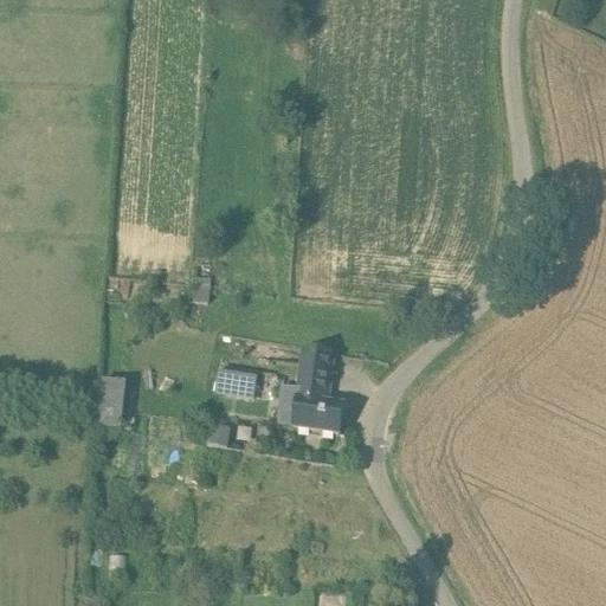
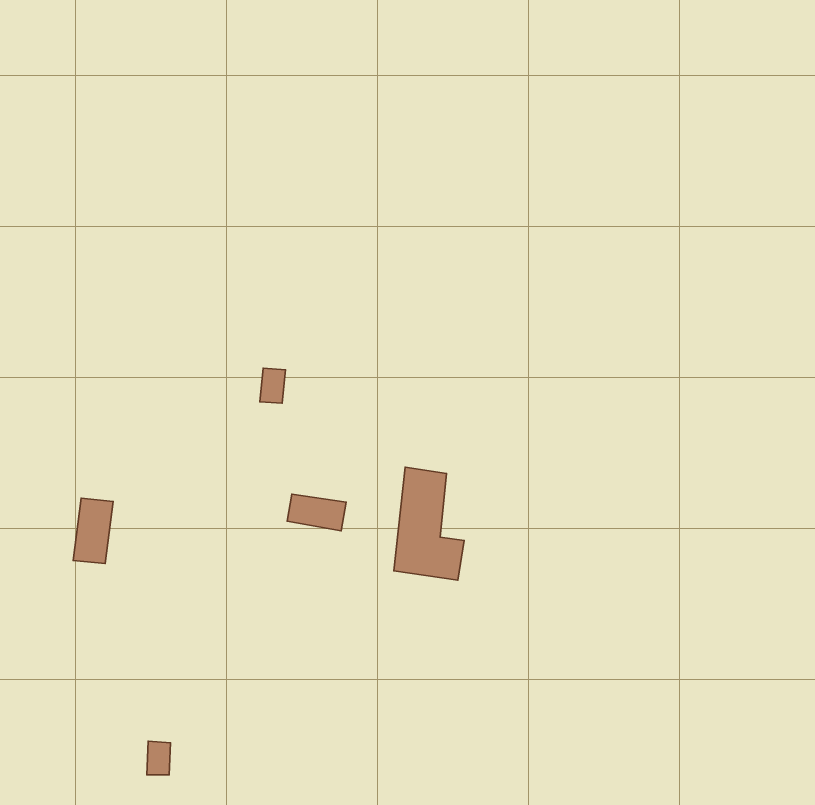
building: [97,378,127,426] -> [73,498,113,564]

